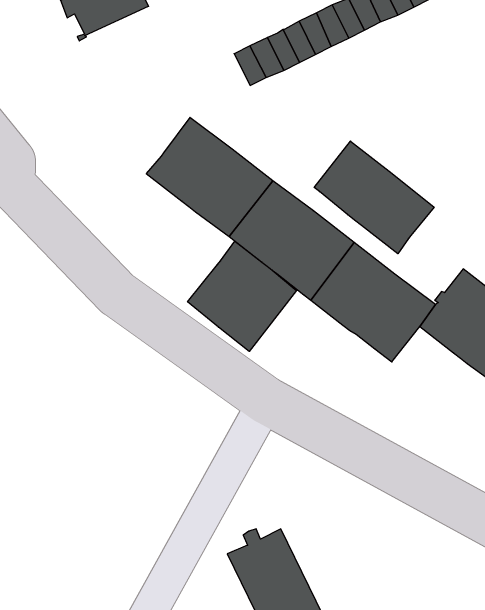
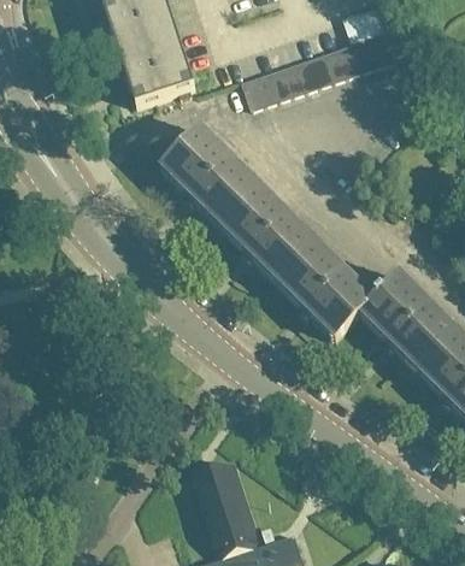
building: none -> [128,36,198,106]
building: [314,141,434,254] -> none
building: [188,241,297,351] -> none

